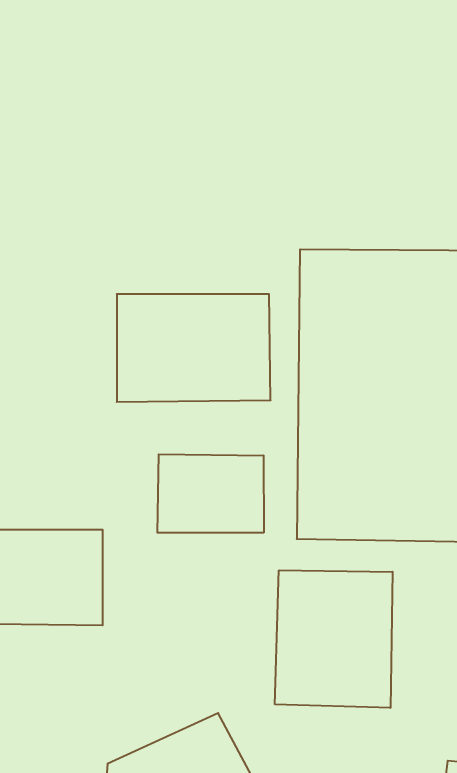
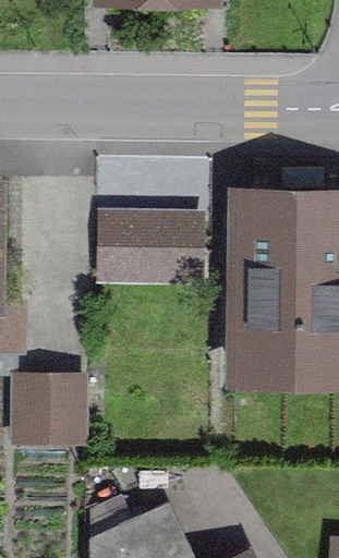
building: [157,454,264,533] -> none
building: [275,570,393,708] -> none

